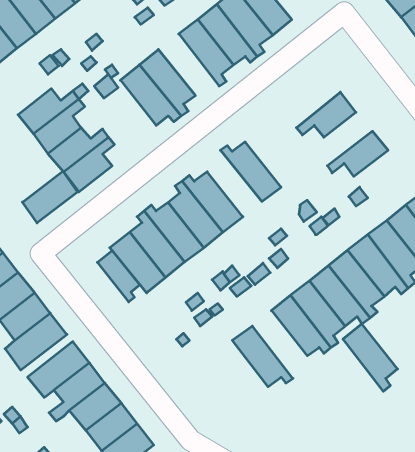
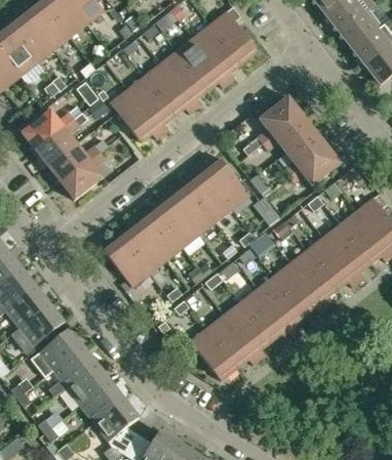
building: none -> [144,62,196,116]
building: none -> [243,96,301,155]
building: none -> [283,130,328,176]
building: none -> [186,163,233,220]
building: [22,171,78,223] -> none
building: [97,251,140,302] -> none
building: [343,324,398,391] -> [225,301,272,360]
building: none -> [191,327,238,380]

